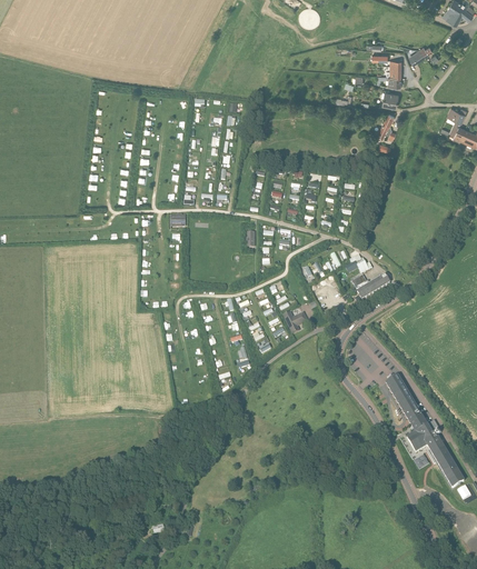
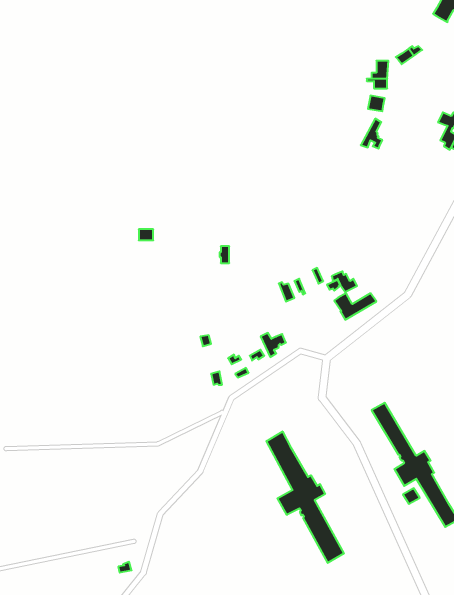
building: none -> [266,431,344,563]

